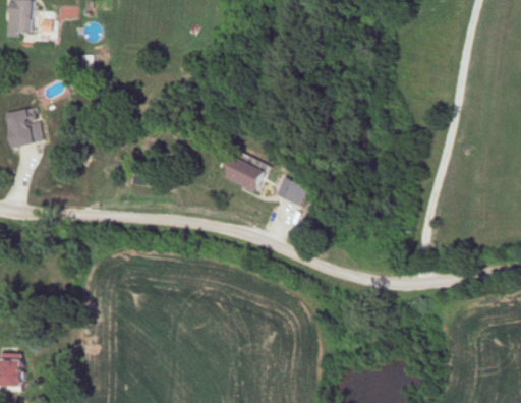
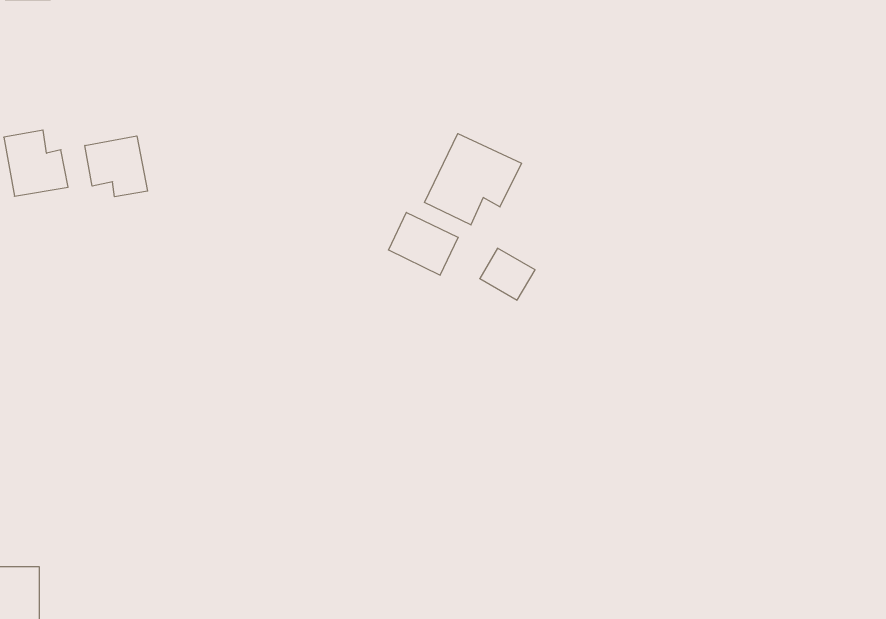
building: none -> [424,134,521,225]
building: none -> [85,136,148,197]

